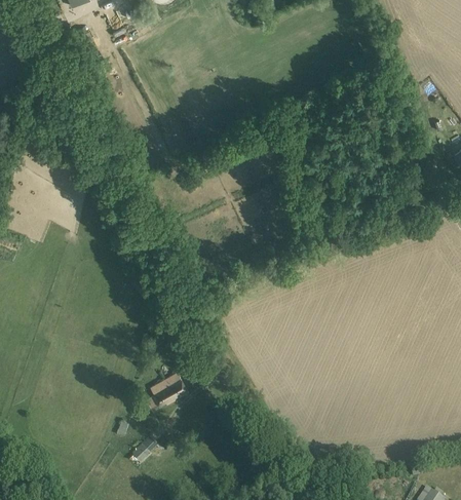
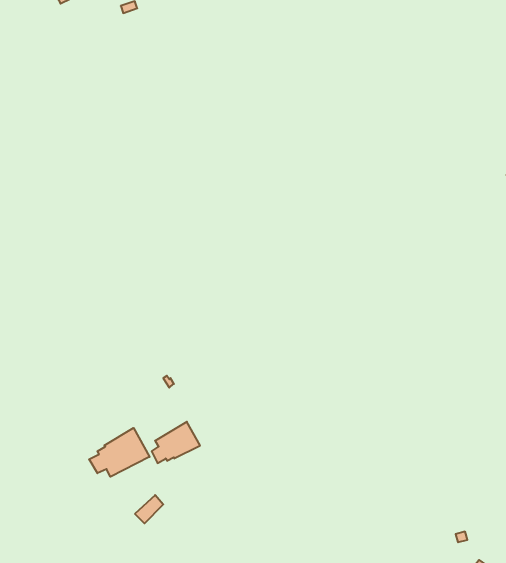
building: none -> [89,428,150,477]

